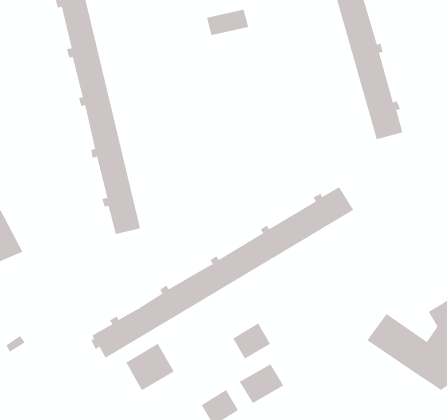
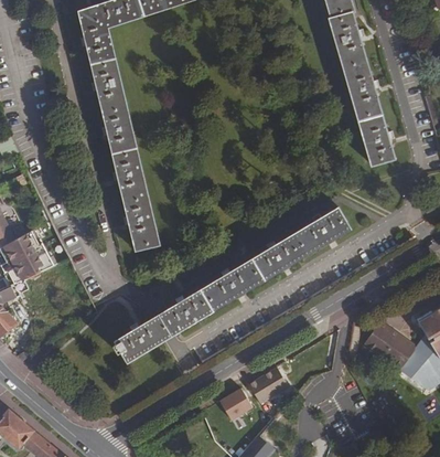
building: [206,9,249,36] -> none
building: [233,323,271,360] -> none
building: [125,343,174,391] -> none

